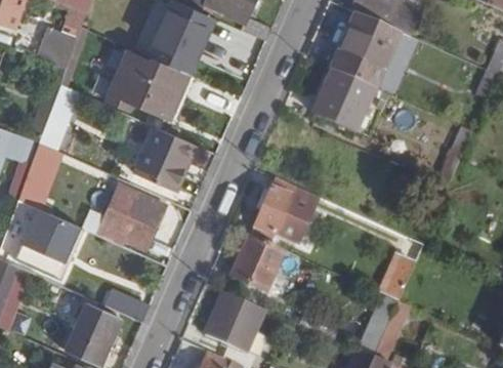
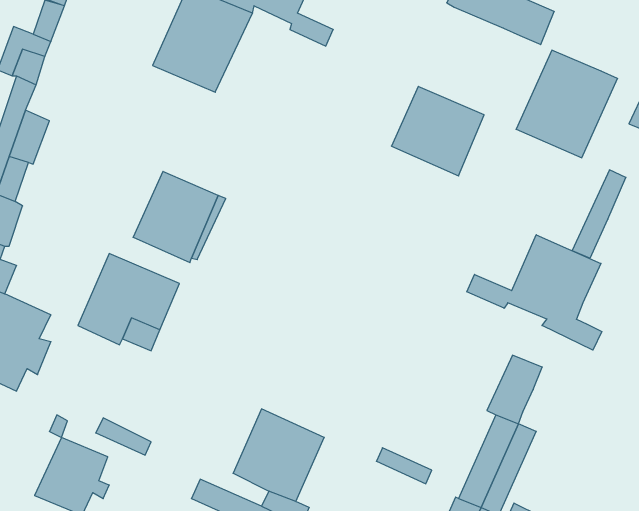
building: [330,14,400,88] -> [516,50,618,158]
building: [107,50,190,120] -> none
building: none -> [467,235,602,350]
building: [252,176,308,240] -> none
building: [230,234,285,291] -> none

